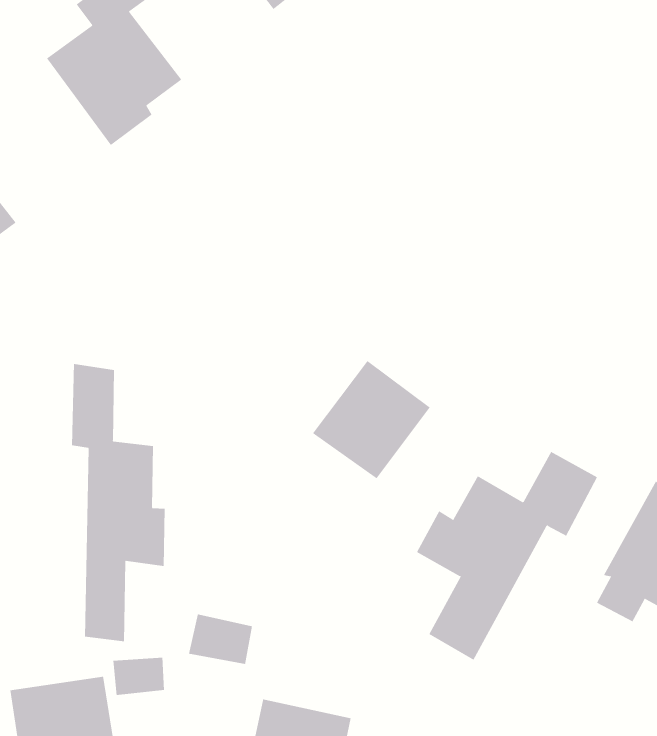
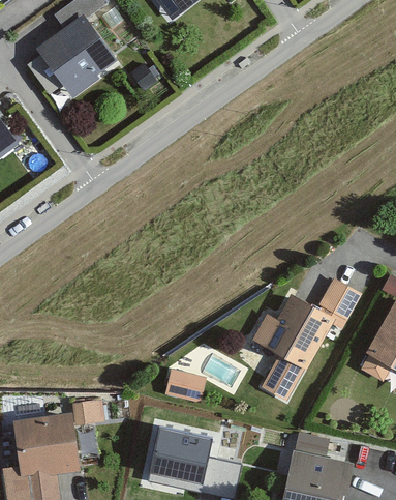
building: [312,360,430,479] -> none
building: [71,363,165,642] -> none
building: [188,614,253,664] -> [166,371,205,401]

